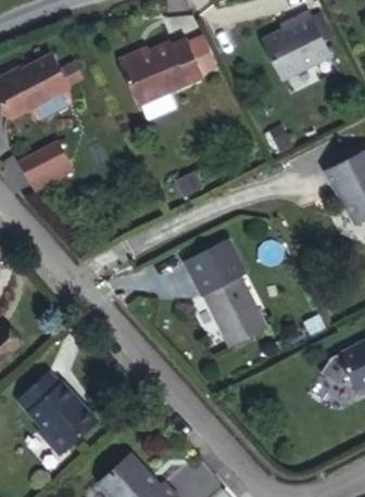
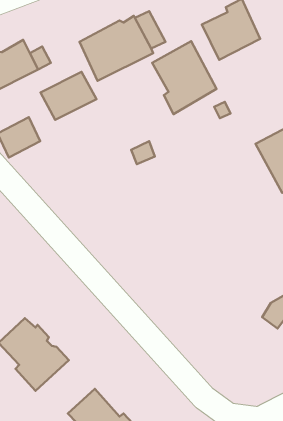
building: none -> [152,41,216,114]
building: none -> [40,72,96,120]
building: [185,238,266,345] -> none

